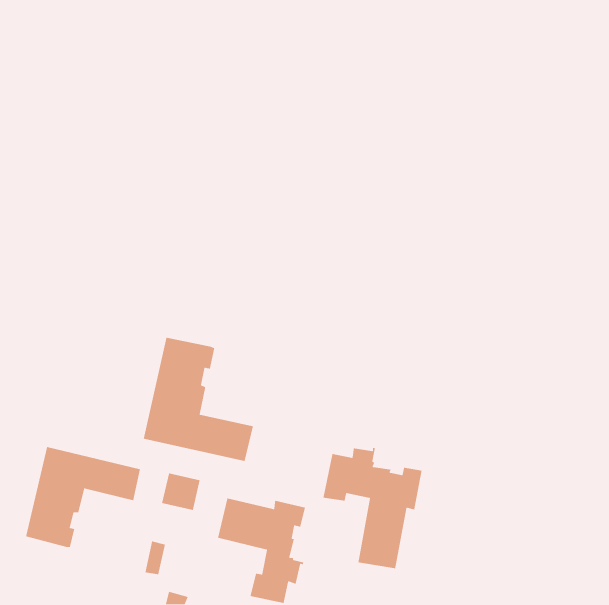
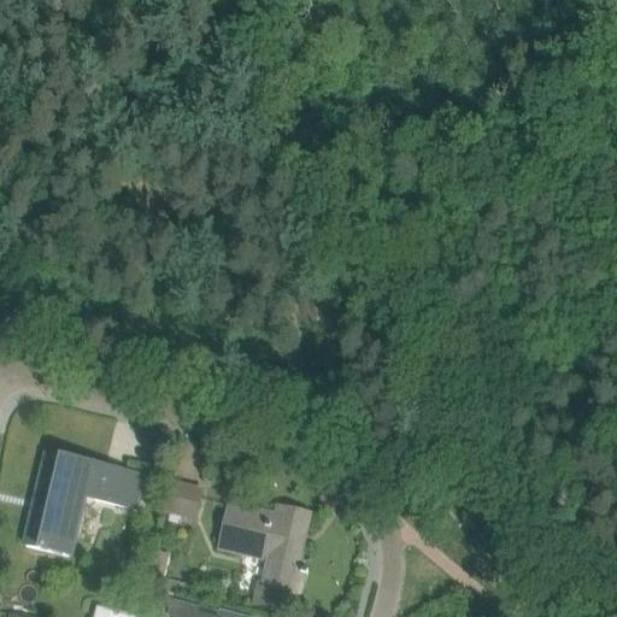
building: [143,337,254,462] -> none
building: [323,447,422,569] -> none

